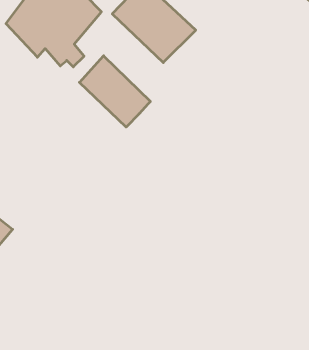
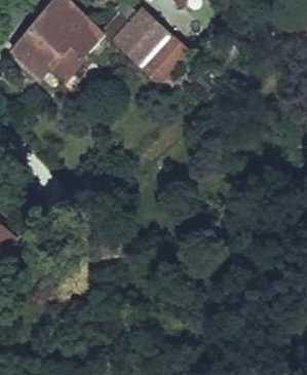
building: [79,56,150,127] -> none

